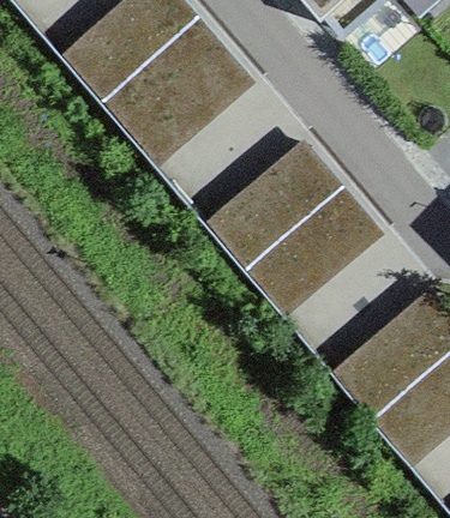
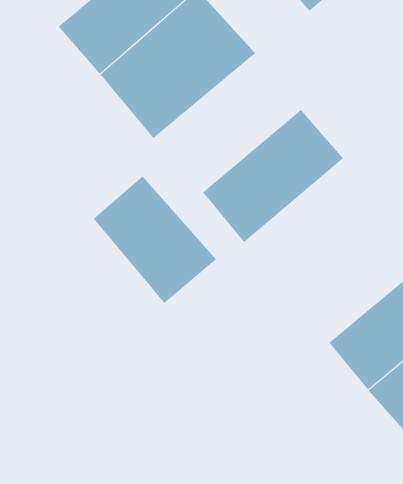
building: [246,186,384,315] -> none
building: none -> [93,175,217,304]

